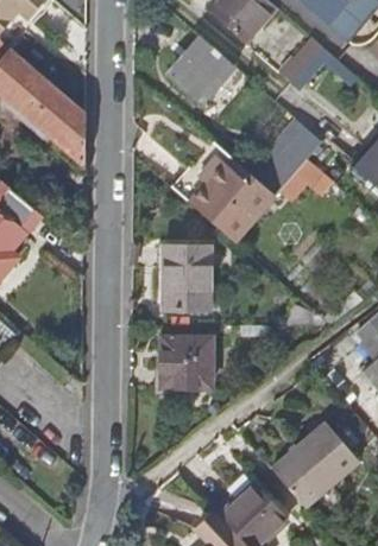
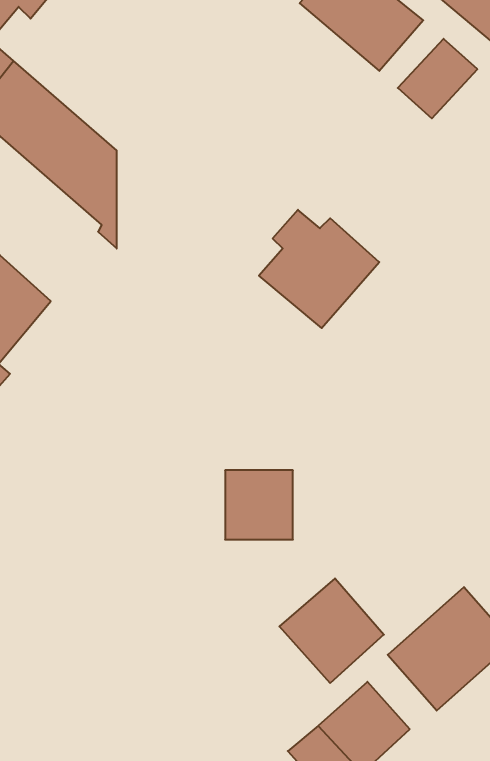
building: [175,38,241,104] -> none
building: [263,118,325,197] -> none
building: [157,245,203,307] -> none
building: none -> [279,578,384,683]

